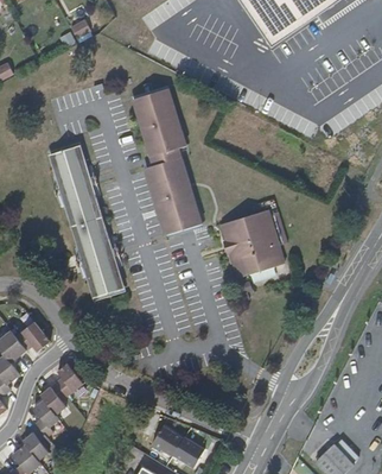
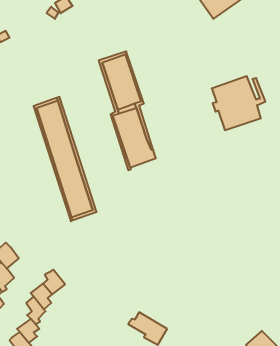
building: [219,209,288,278] -> [212,76,265,130]
building: [14,321,49,350] -> none

